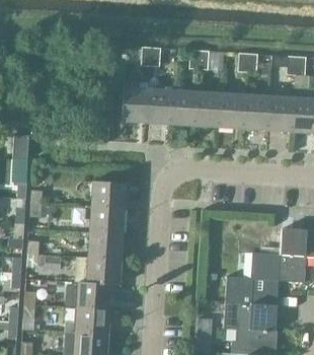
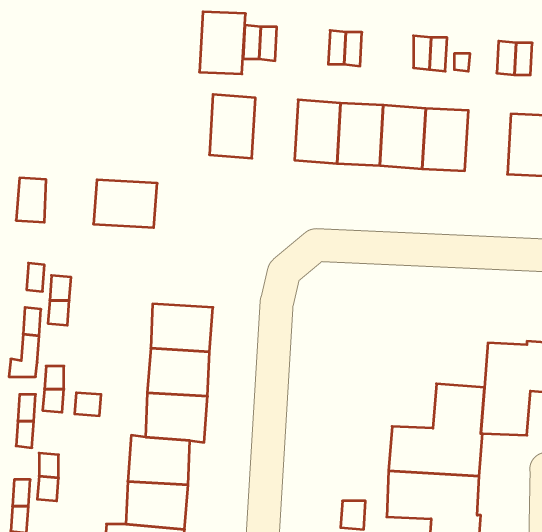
building: [147,88,173,124] -> [199,12,246,74]
building: [268,95,295,132] -> none
building: [90,181,127,208] -> [93,180,157,228]

